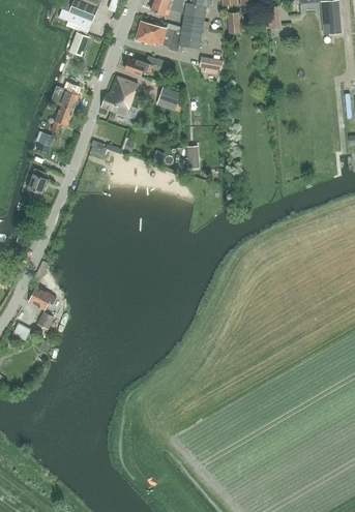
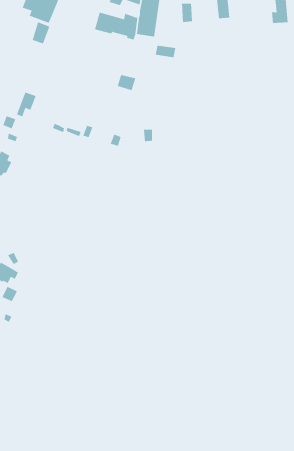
building: [123,55,168,74] -> none
building: [100,76,137,119] -> none
building: [51,83,79,110] -> none

